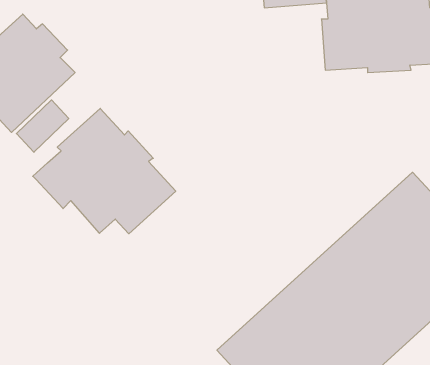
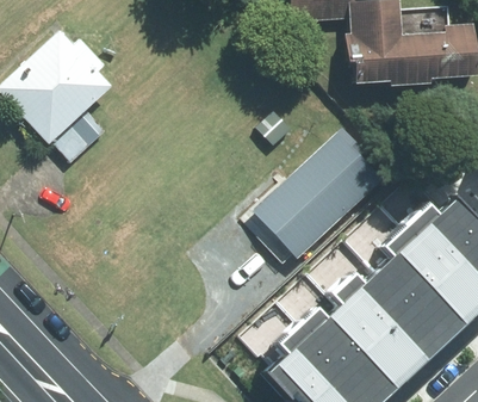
building: [33,108,176,234] -> none
building: none -> [242,129,386,262]

